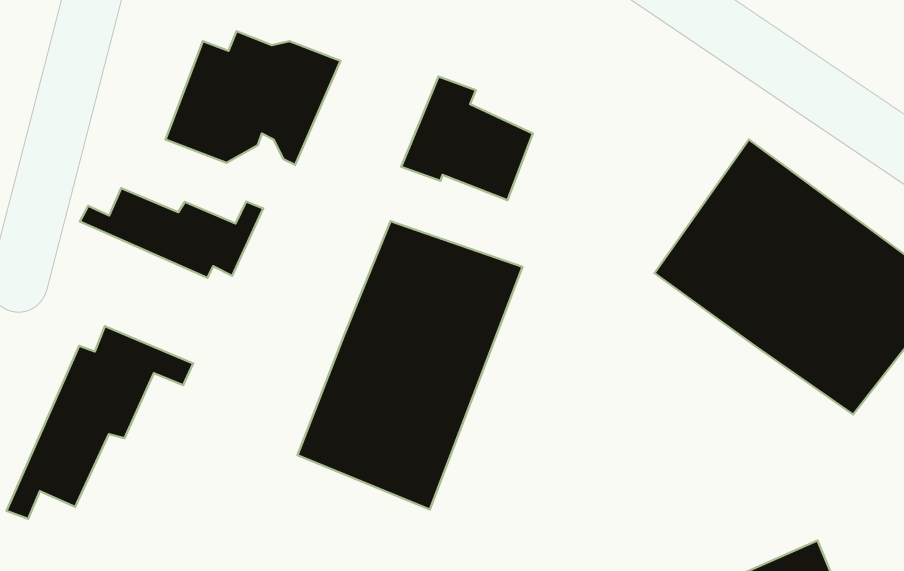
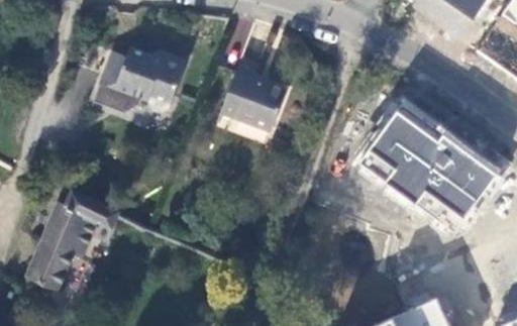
building: [80,188,263,278] -> none
building: [298,221,523,509] -> none

